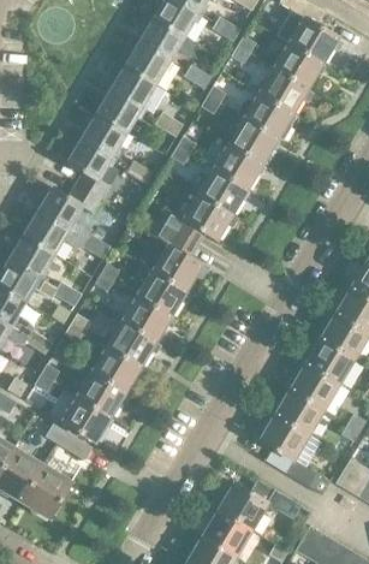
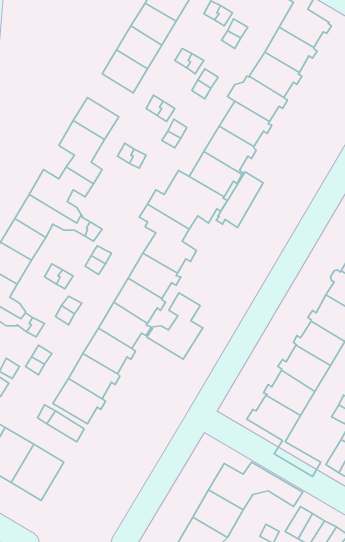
building: [96,90,142,133] -> none
building: none -> [216,172,263,227]
building: none -> [147,293,203,359]

